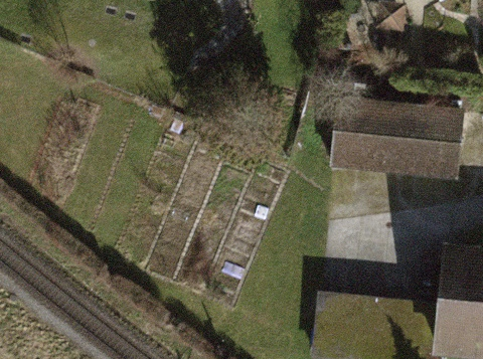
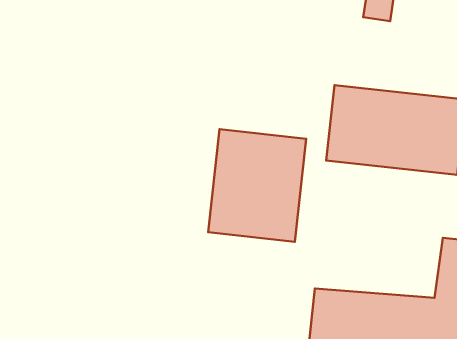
building: none -> [208,129,306,242]

